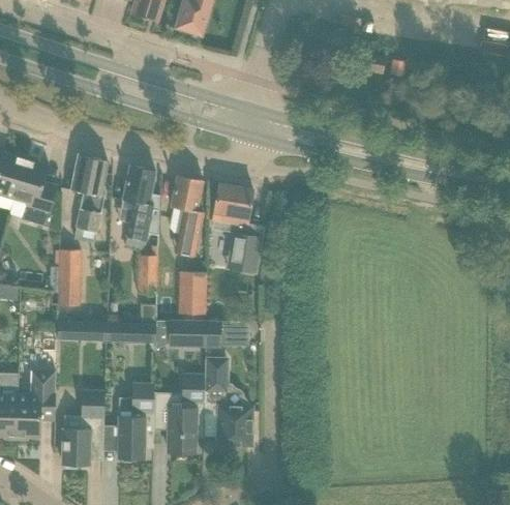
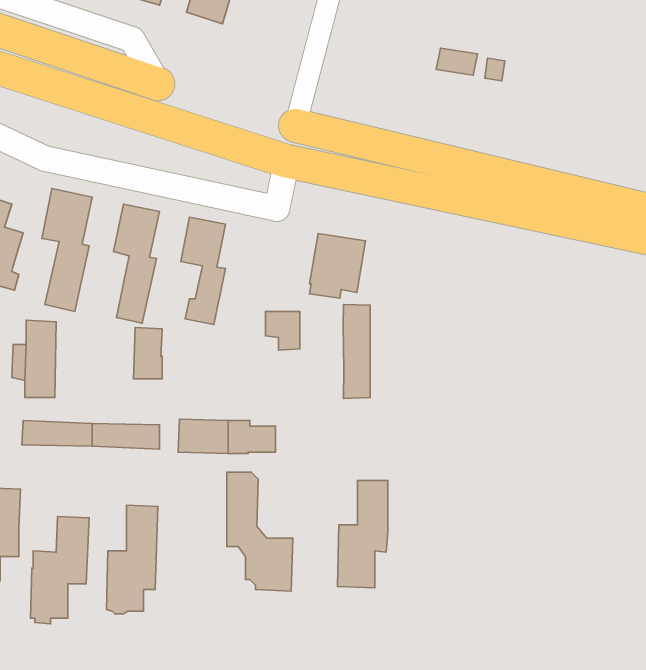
building: [212,183,252,230] -> [310,234,365,298]
building: none -> [343,305,370,399]
building: [178,271,206,314] -> none
building: [168,375,204,452] -> [338,480,388,588]

